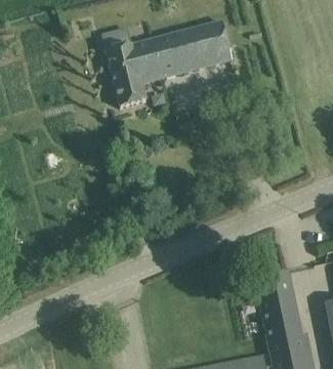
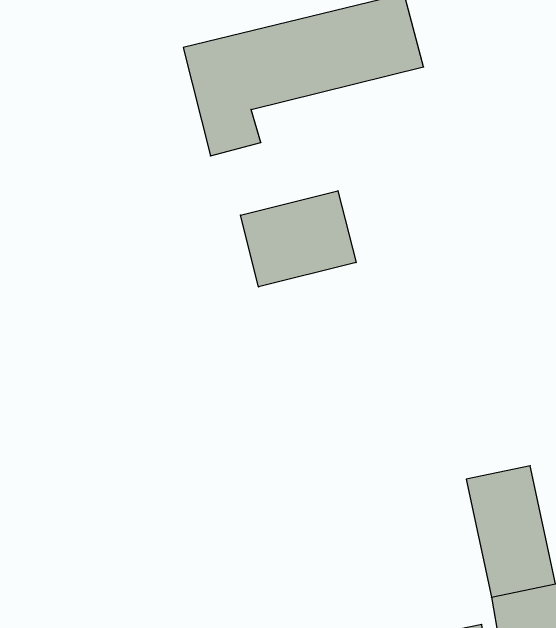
building: none -> [240,191,356,287]

